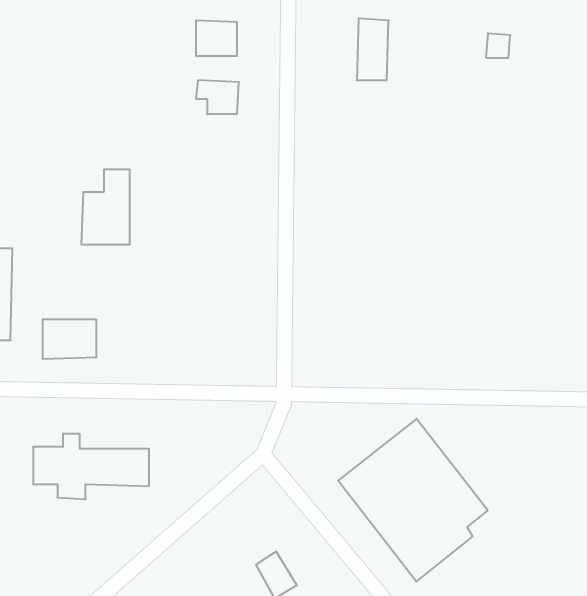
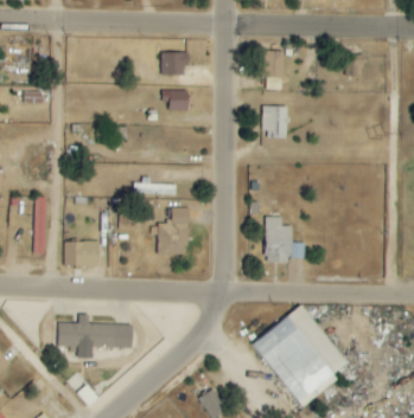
building: none -> [261,105,287,136]
building: [81,170,130,244] -> [157,208,187,256]
building: none -> [263,217,291,263]

